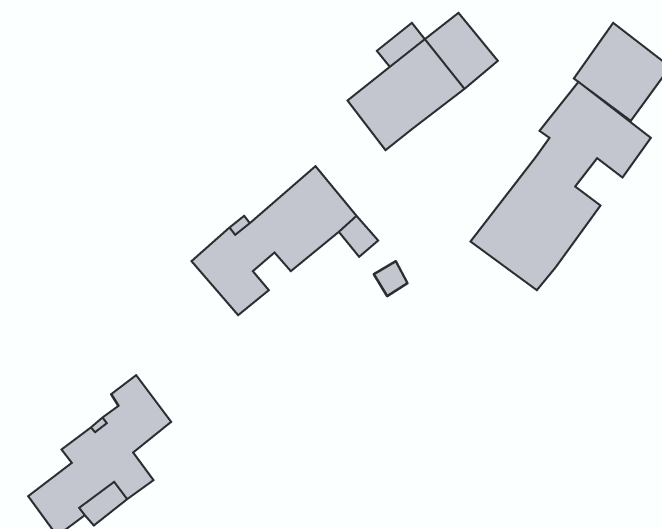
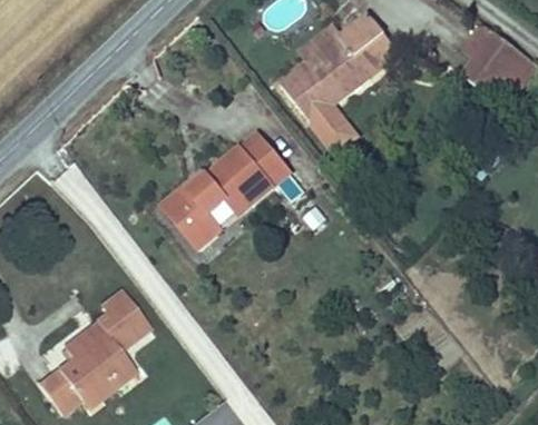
building: [470,82,651,290] -> none
building: none -> [312,103,359,151]

